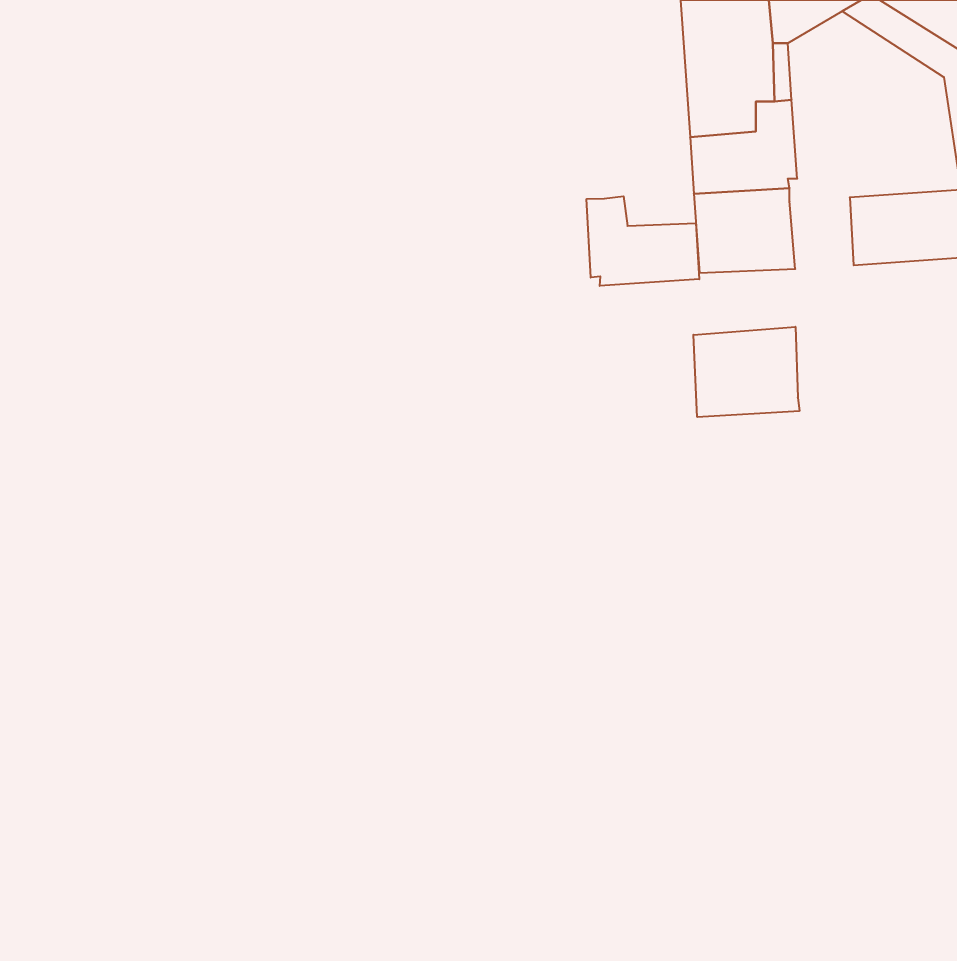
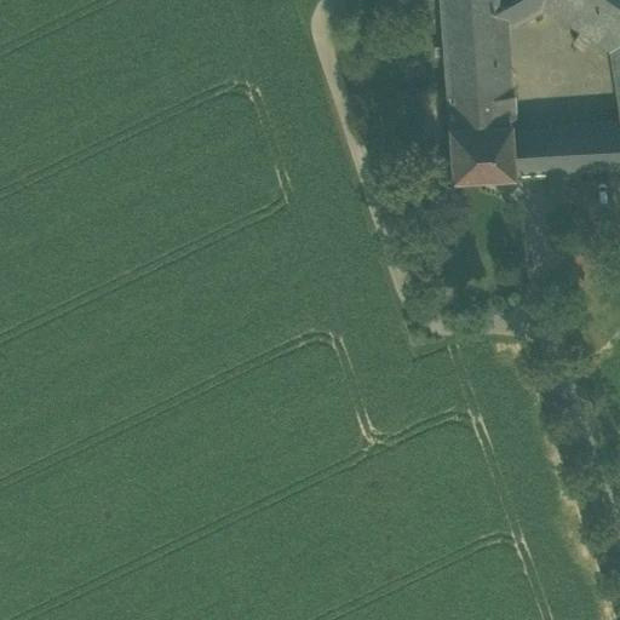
building: [587,196,699,286] -> none
building: none -> [511,127,552,173]
building: [693,327,799,417] -> none

